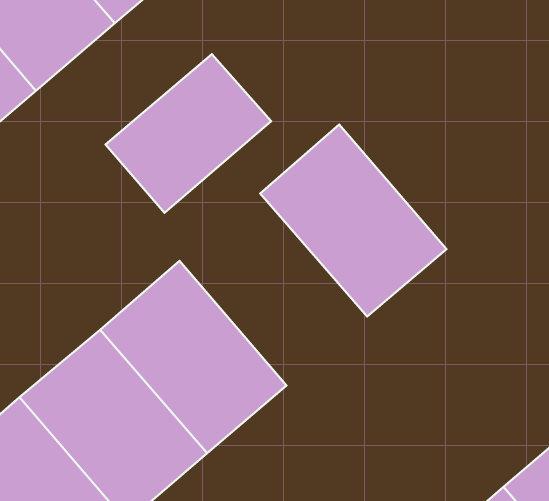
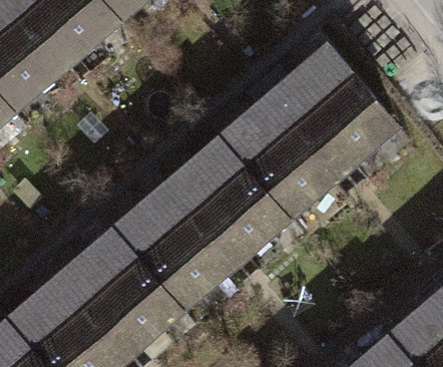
building: [106,54,271,213] -> none
building: none -> [274,43,401,174]
building: none -> [164,136,293,268]

